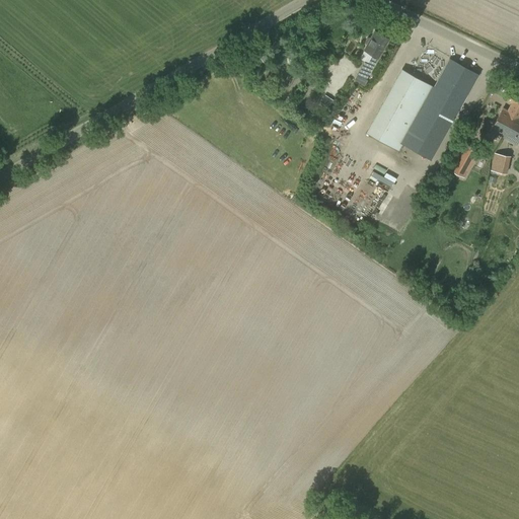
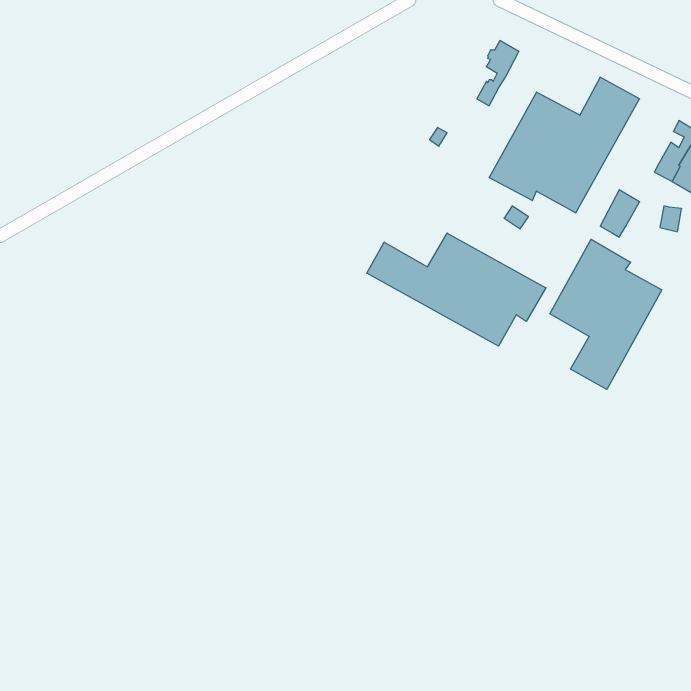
building: none -> [367,233,546,346]
building: none -> [550,239,662,389]

